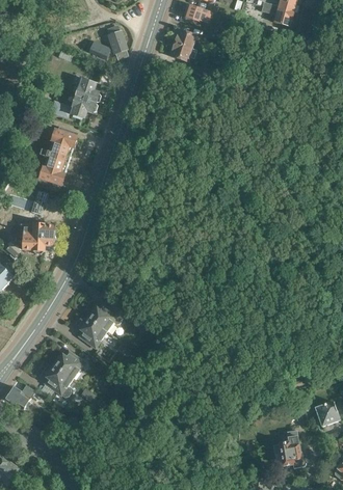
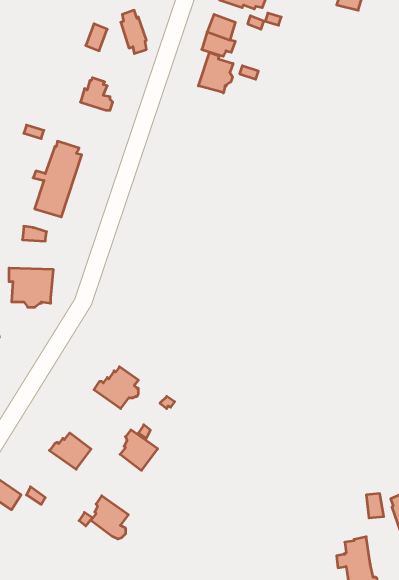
building: none -> [198,52,233,93]
building: [49,96,98,118] -> none
building: [78,317,107,348] -> [120,430,158,470]
building: [44,363,73,397] -> [91,496,128,539]

